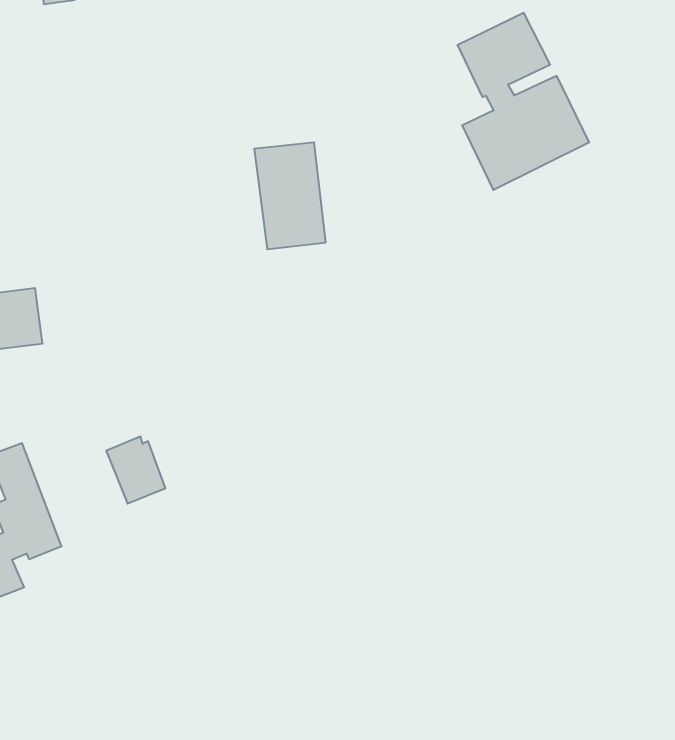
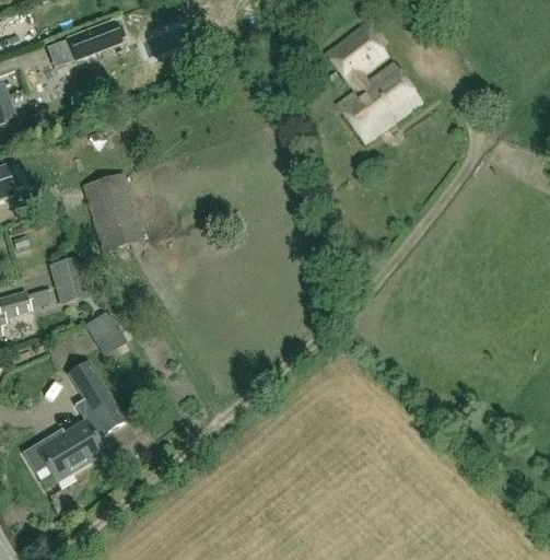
building: [254,142,326,249] -> [84,175,141,249]
building: [106,437,165,504] -> [84,311,127,355]

